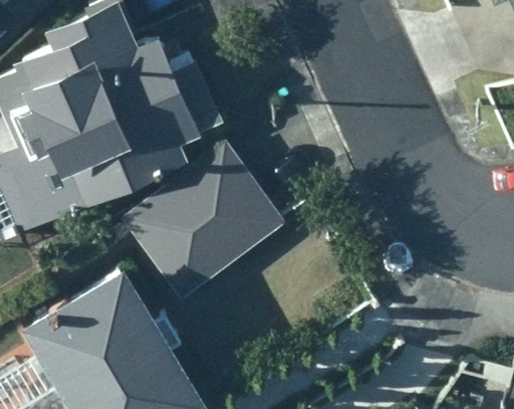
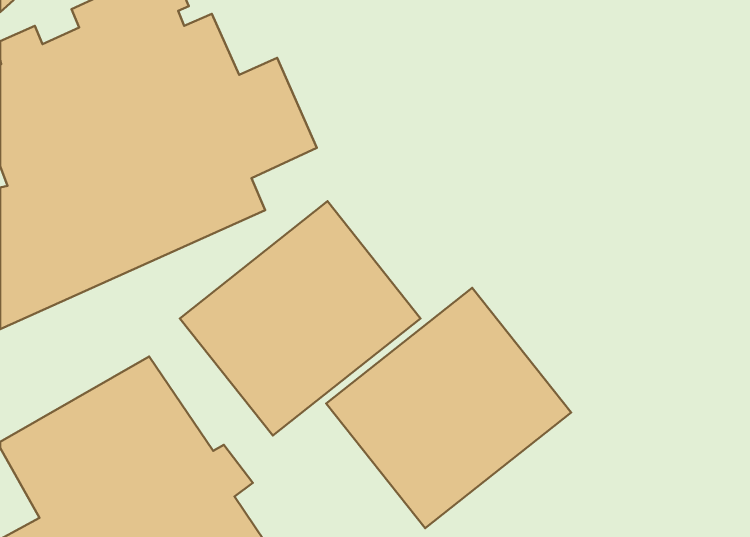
building: none -> [326,288,571,528]

